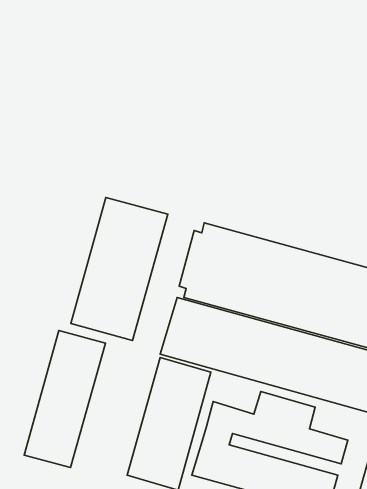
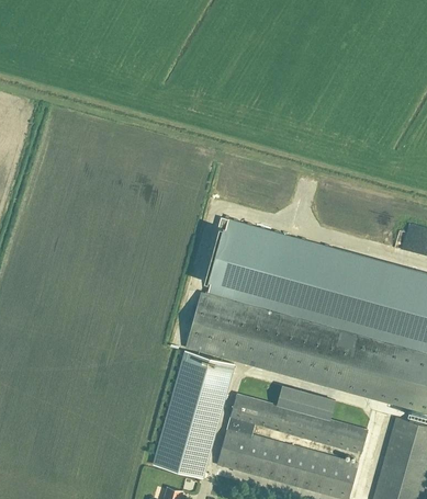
building: [71,197,168,340] -> none
building: [24,331,105,468] -> none

